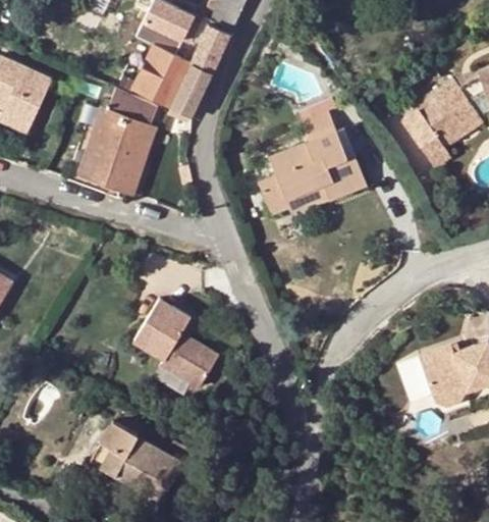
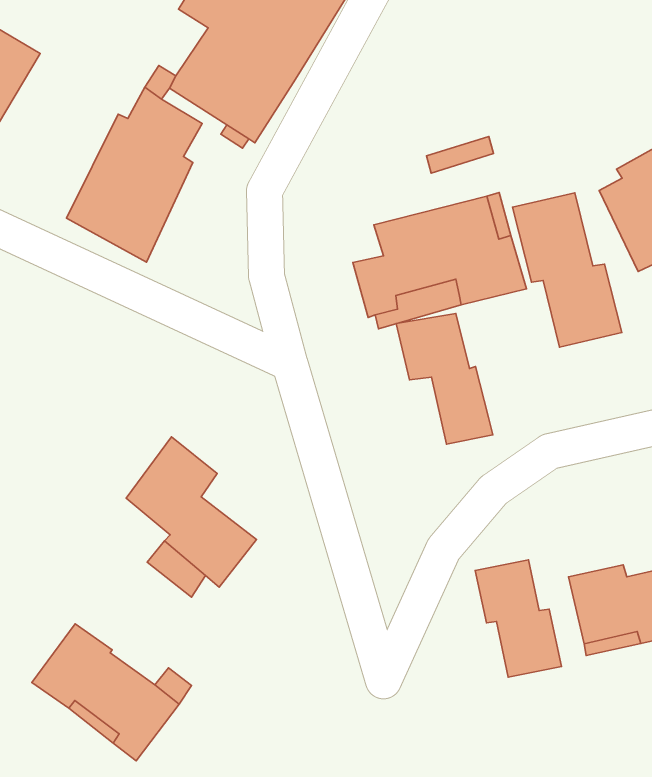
building: none -> [513,193,622,347]
building: none -> [396,314,493,444]
building: none -> [475,560,562,677]

